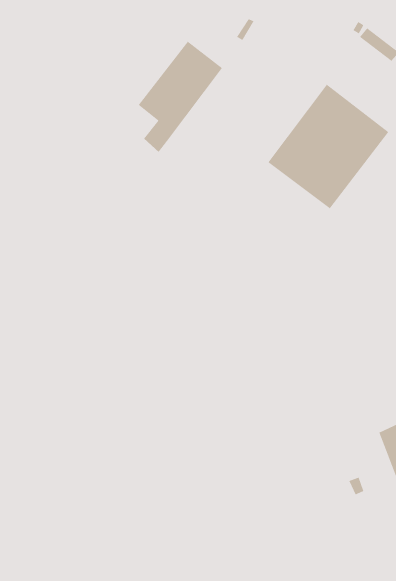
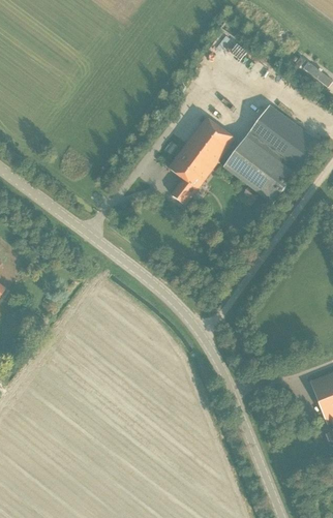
building: [138,41,223,153] -> [168,115,235,204]

